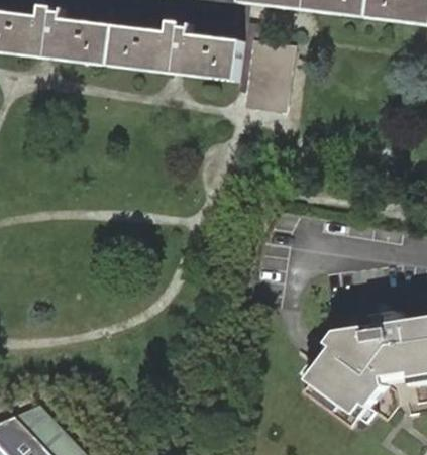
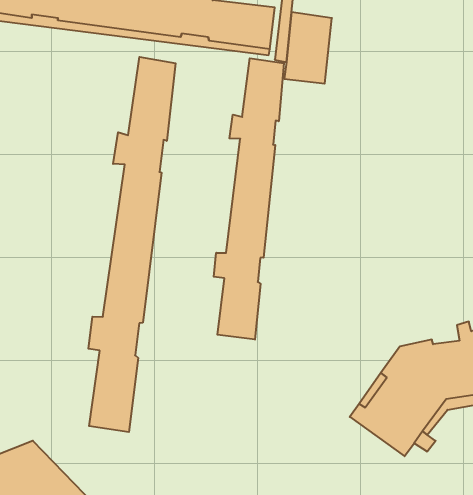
building: none -> [88,57,176,432]
building: none -> [214,58,284,340]

